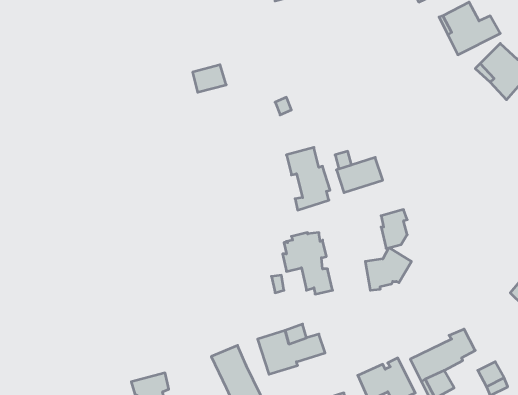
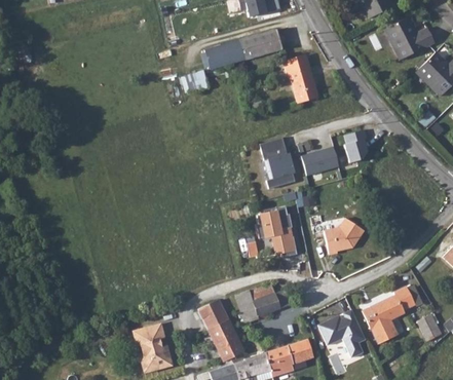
building: none -> [205,29,280,69]
building: none -> [284,55,318,103]
building: [381,210,407,248] -> [345,129,367,161]

